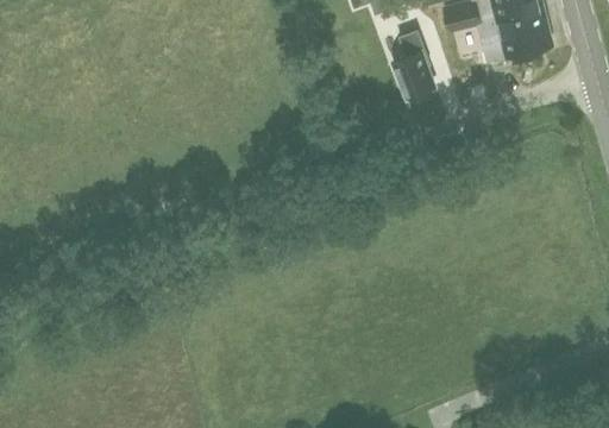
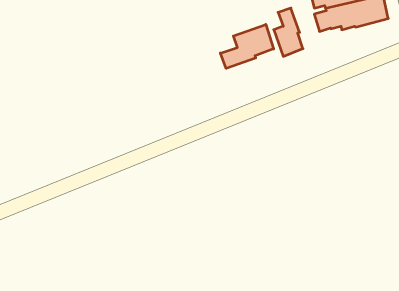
building: none -> [220,24,274,68]

